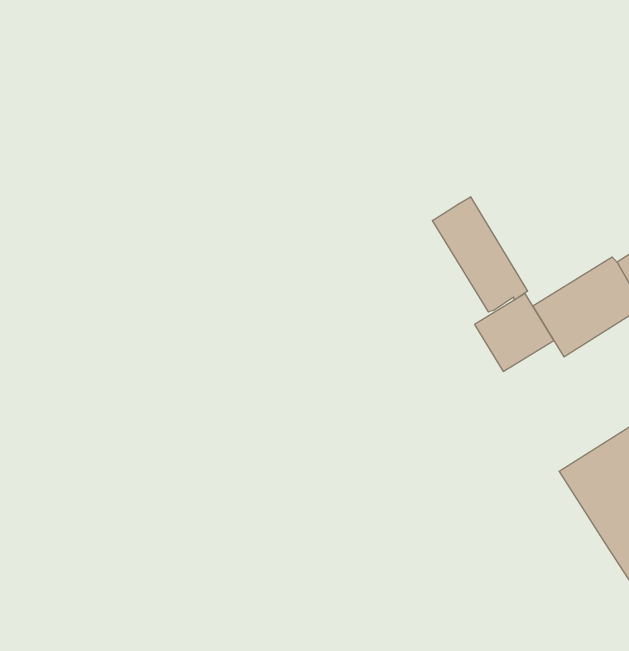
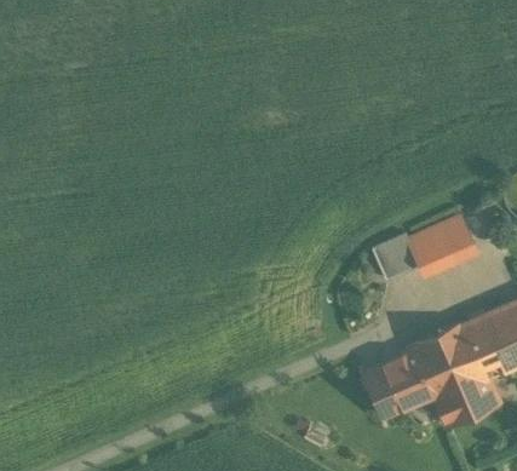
building: [432,197,528,312] -> none
building: none -> [366,351,435,417]

